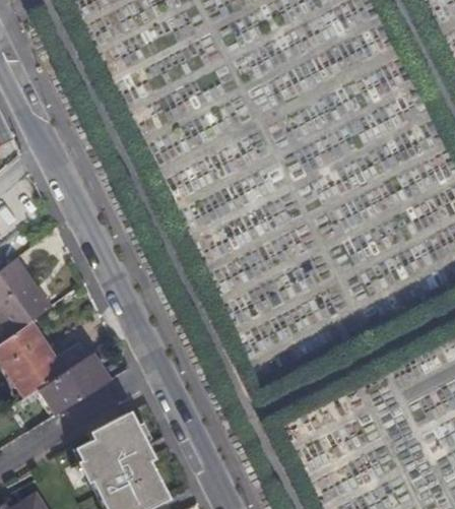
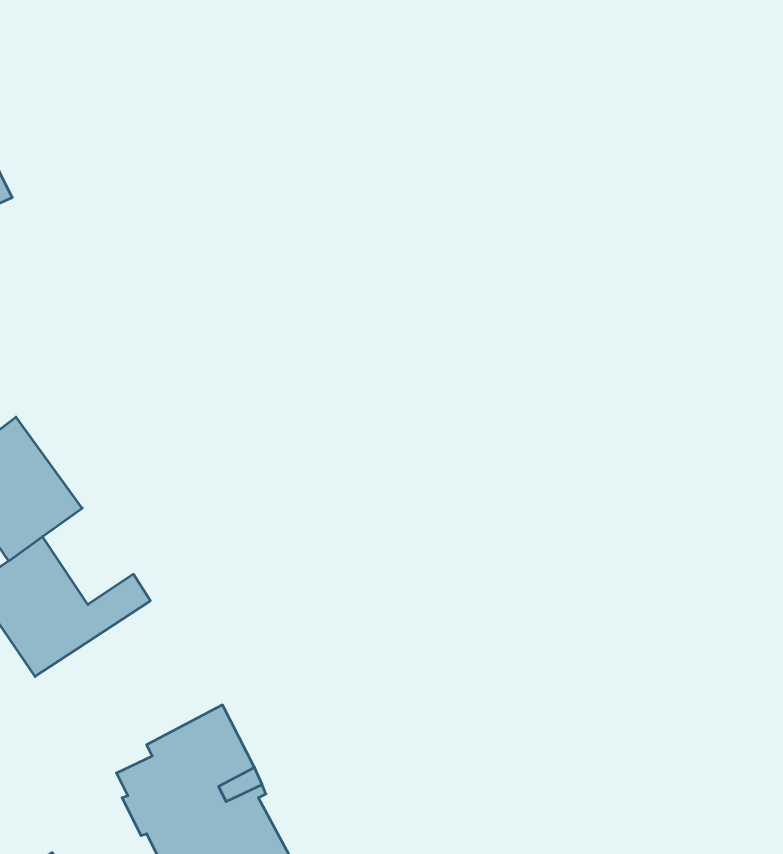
building: [40,358,107,415] -> none

